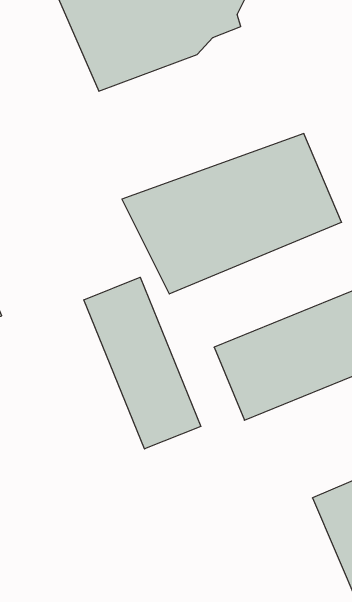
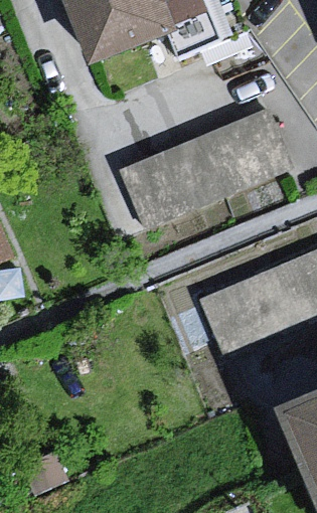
building: [84,277,201,449] -> none

